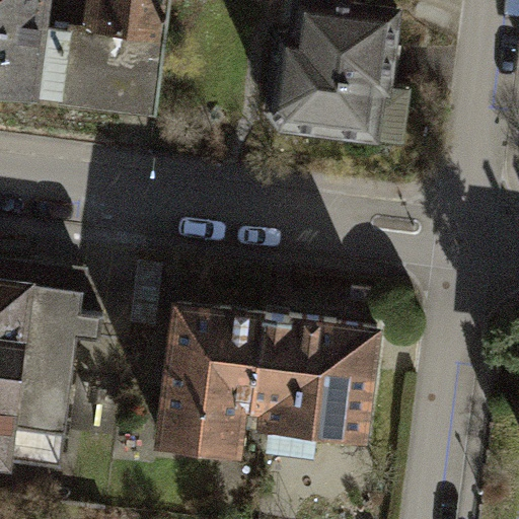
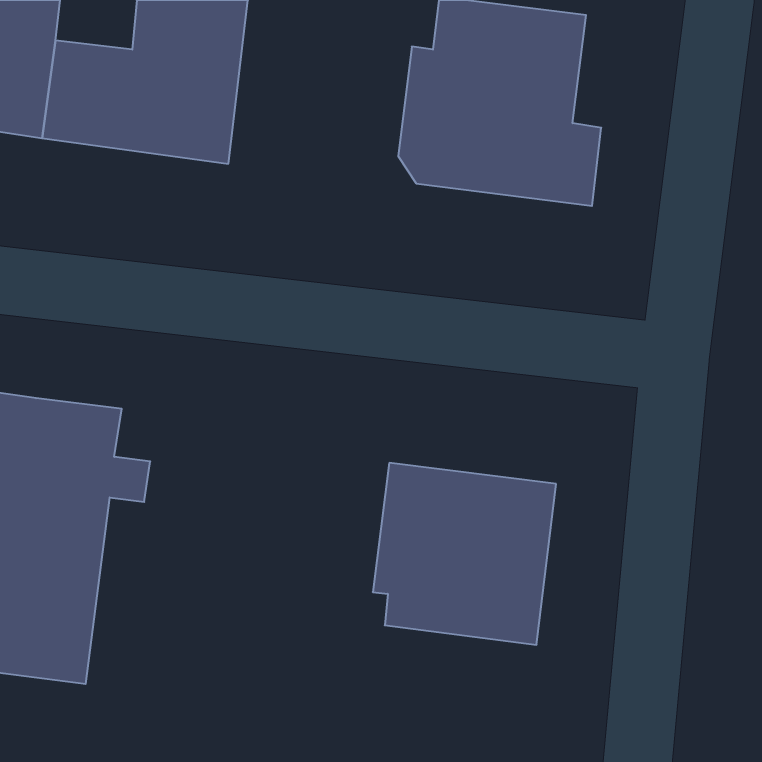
building: [158,304,263,451] -> none

